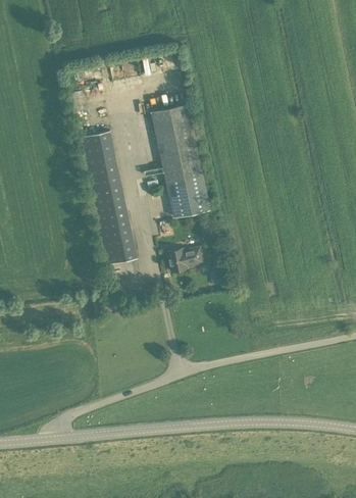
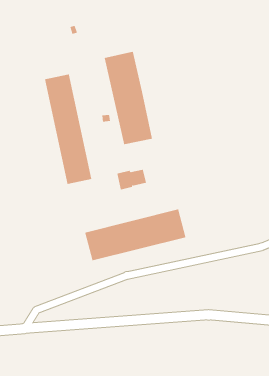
building: none -> [84,209,186,261]

